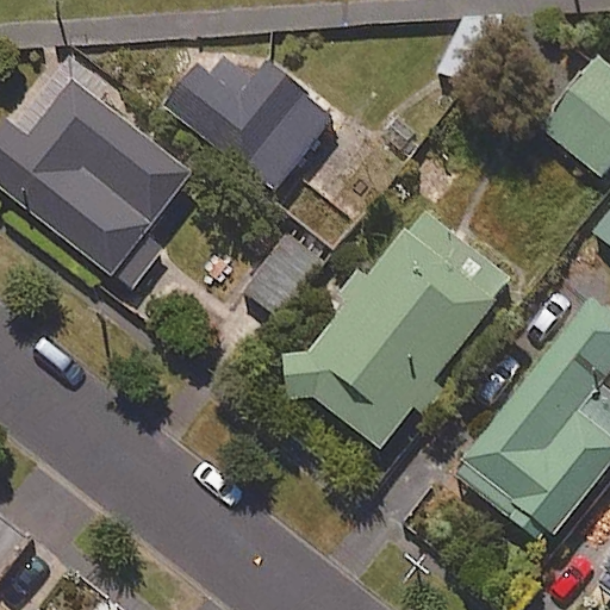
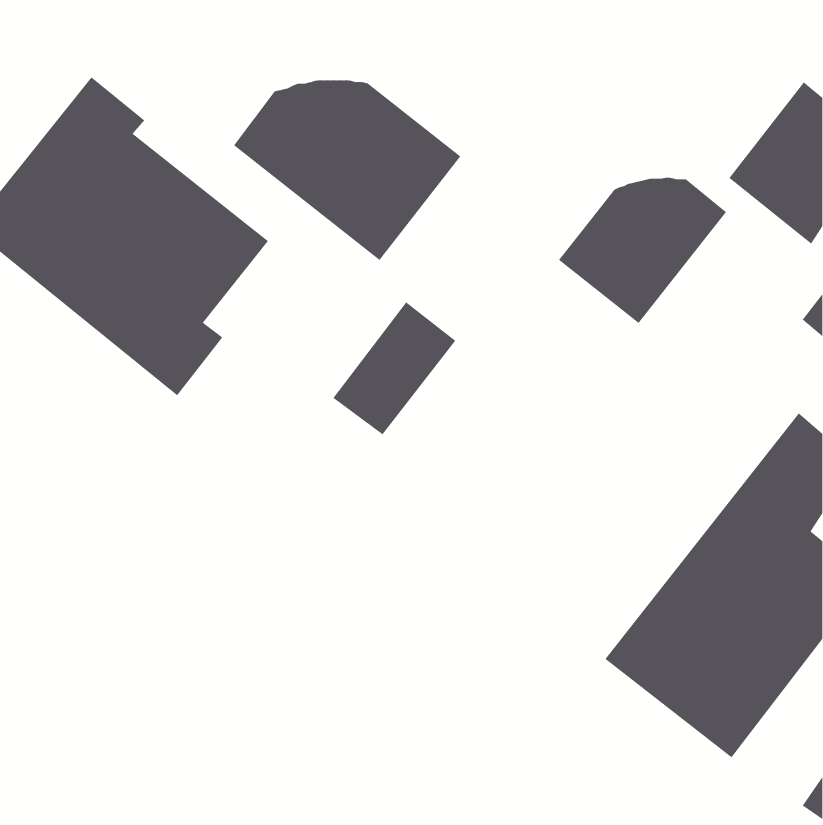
building: none -> [558,177,727,324]
building: [292,211,516,452] -> none

